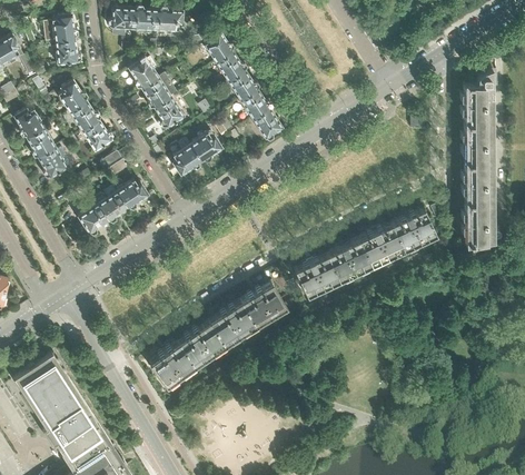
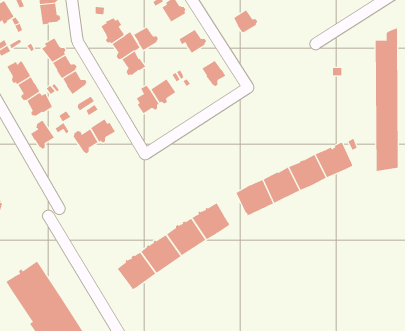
building: [216,52,247,81] -> [133,27,159,50]
building: [241,90,271,119] -> [234,10,258,33]
building: [78,200,108,236] -> [30,120,55,149]

